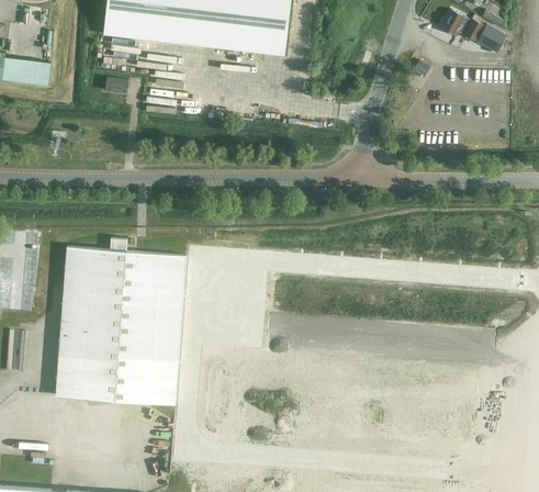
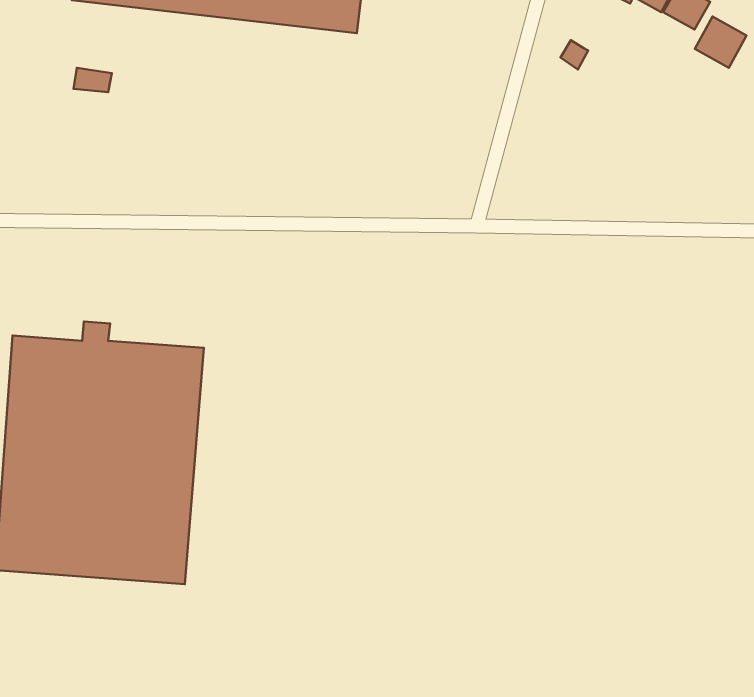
building: none -> [695,17,746,68]

